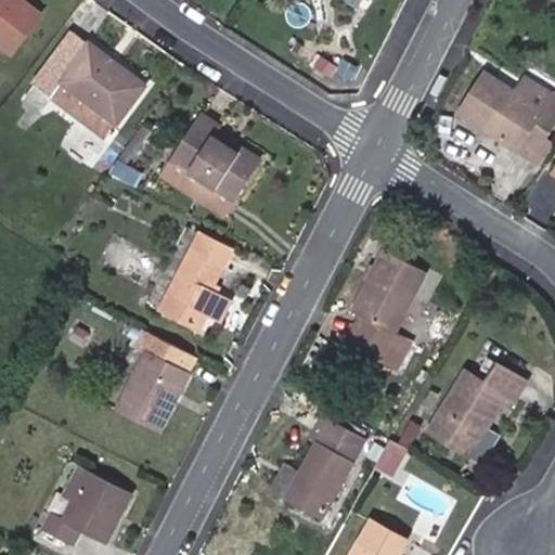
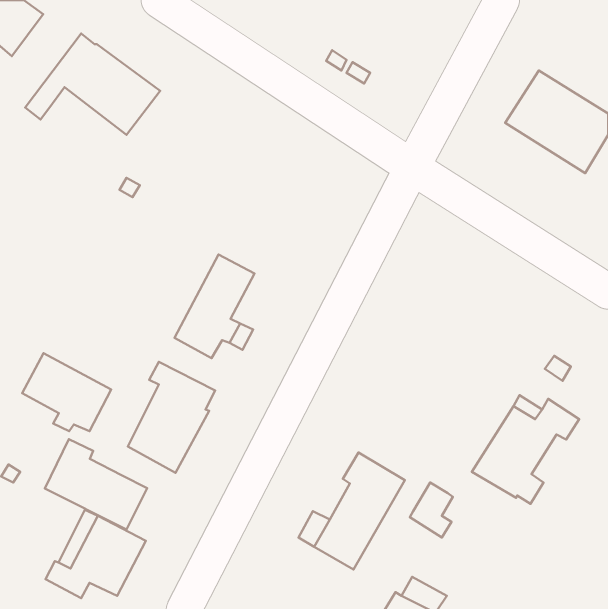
building: [44,80,115,142] -> none
building: [159,114,260,217] -> none
building: [349,249,427,370] -> none
building: none -> [22,353,111,431]
building: none -> [45,439,147,529]

